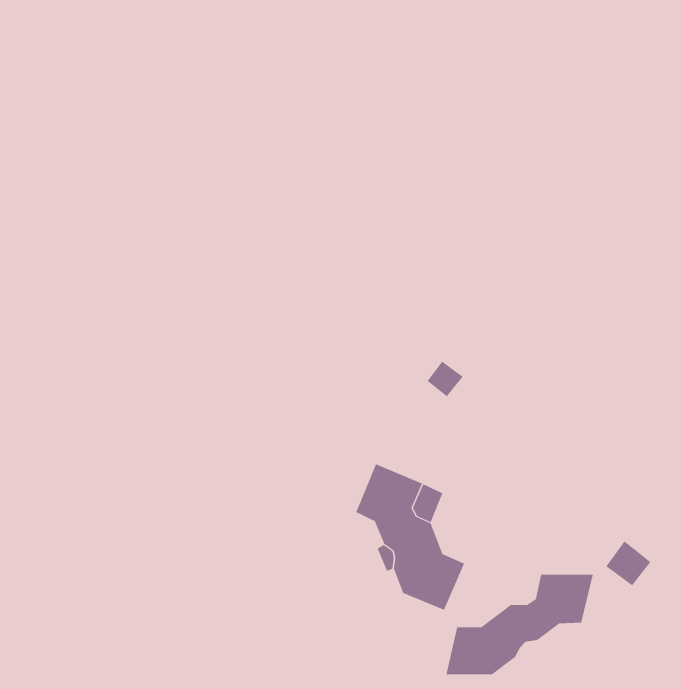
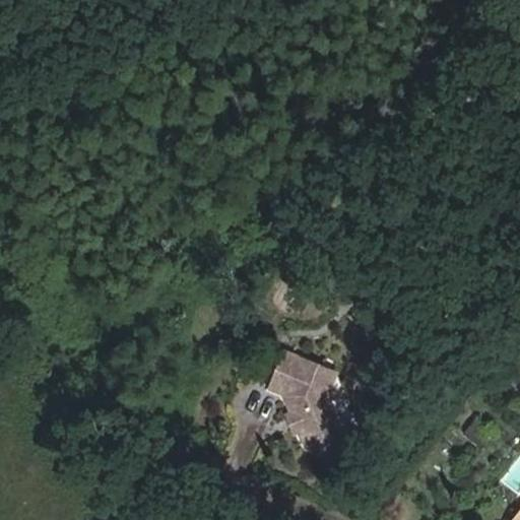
building: [446,574,593,675] -> none

